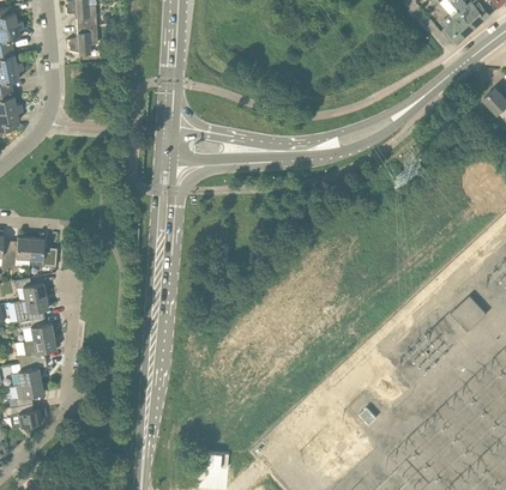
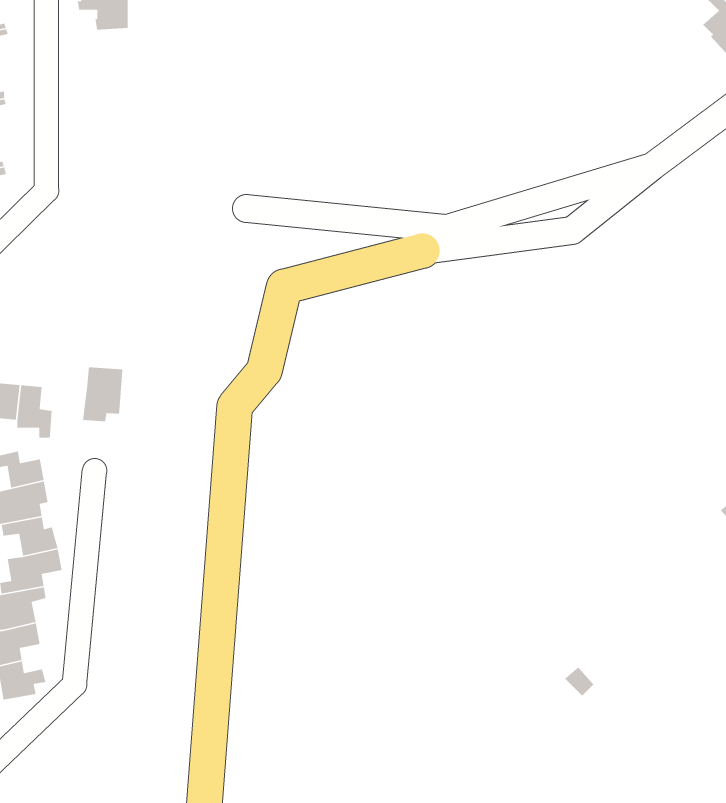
building: [67,24,97,55] -> none
building: none -> [82,366,123,422]

